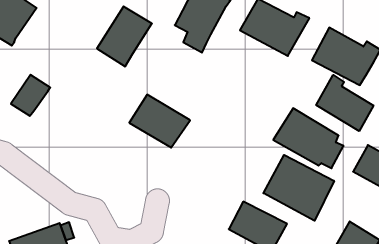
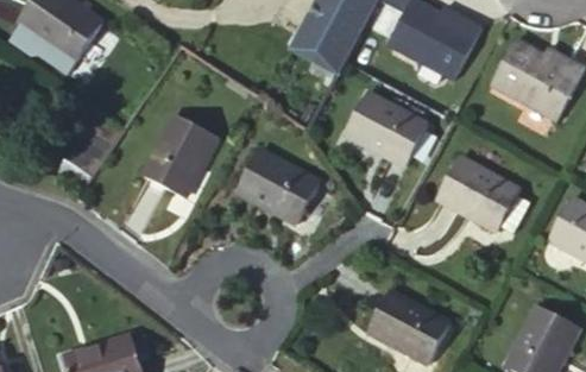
building: [97,6,152,66] -> [136,108,212,191]
building: none -> [340,99,423,171]
building: [316,75,373,131] -> none
building: [263,155,334,221] -> none

